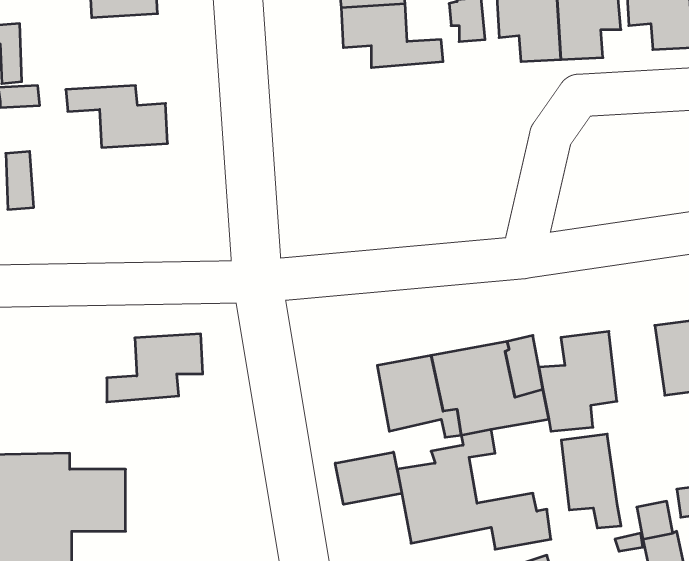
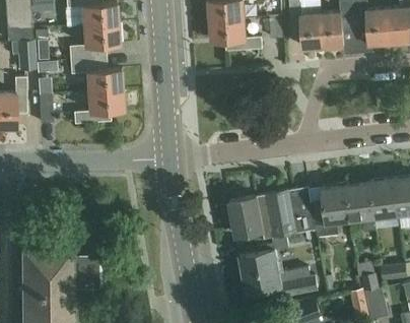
building: none -> [69,23,118,58]
building: [107,334,203,402] -> [74,89,123,124]
building: [561,434,621,528] -> [346,182,377,230]
building: [335,452,402,504] -> none

